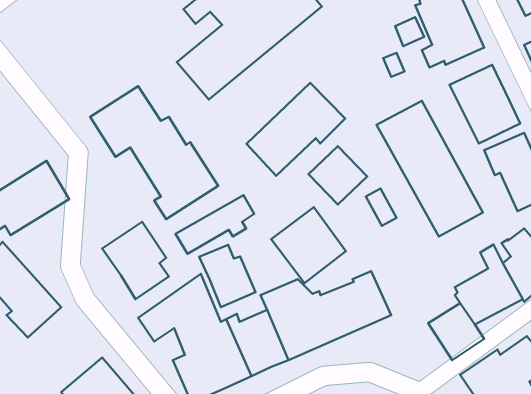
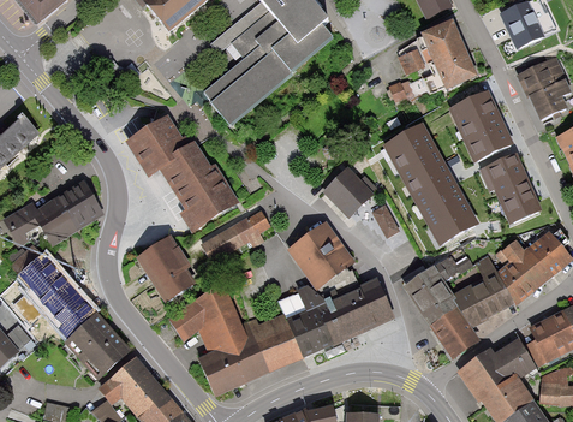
building: [246,83,345,176] -> none
building: none -> [402,246,473,325]
building: [199,245,256,307] -> none
building: none -> [62,311,131,380]

